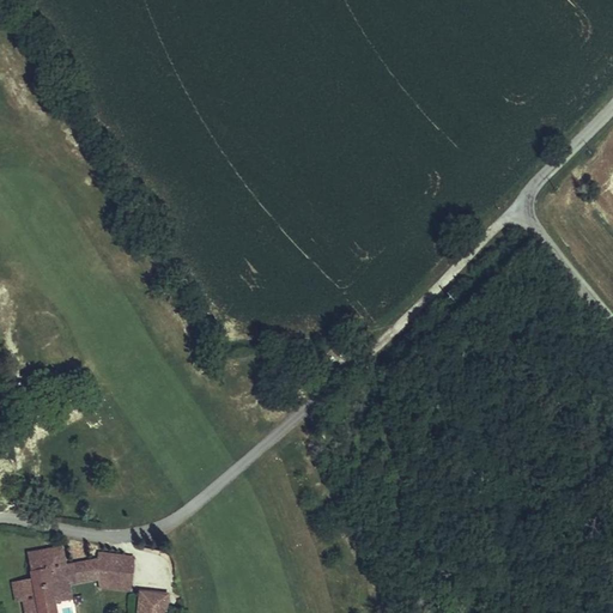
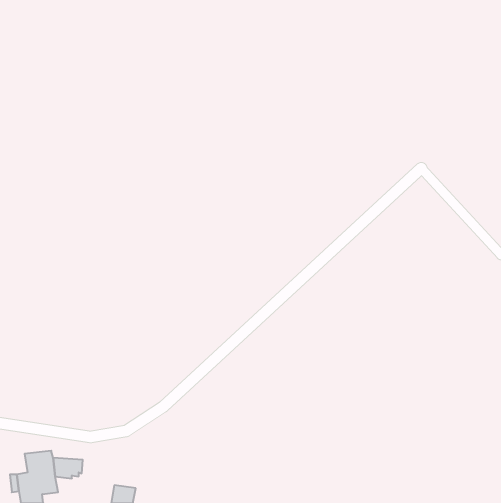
building: [95,556,134,590] -> none

